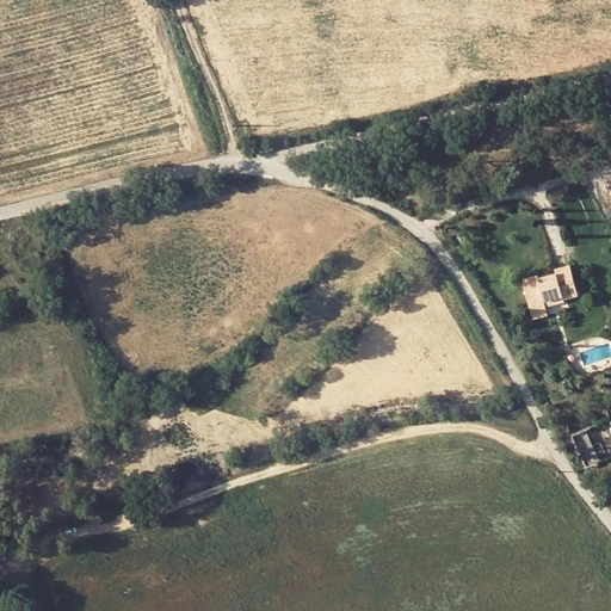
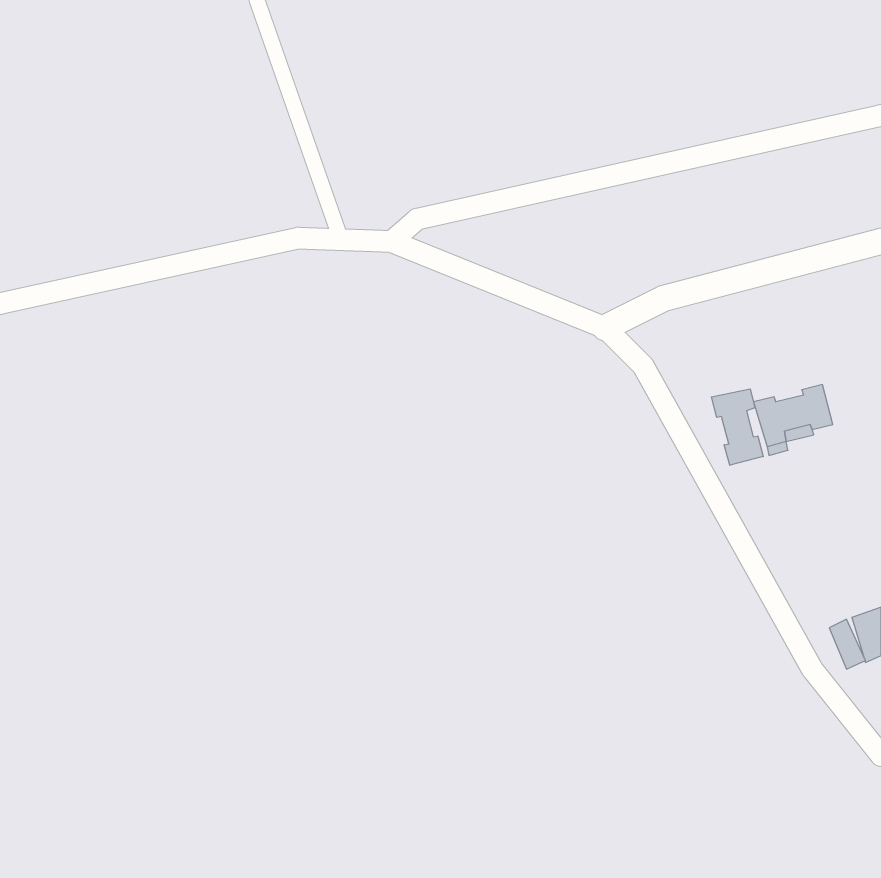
building: none -> [711,389,763,465]

